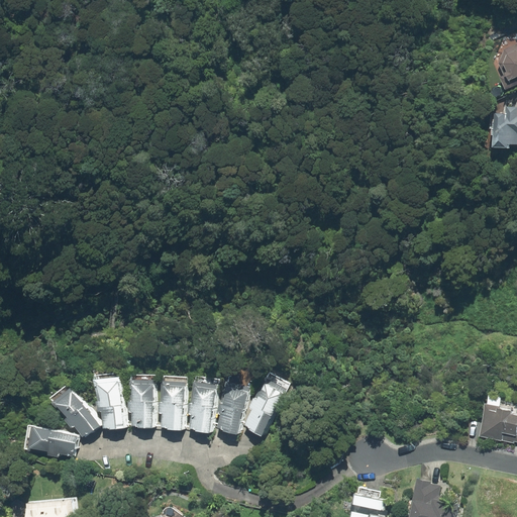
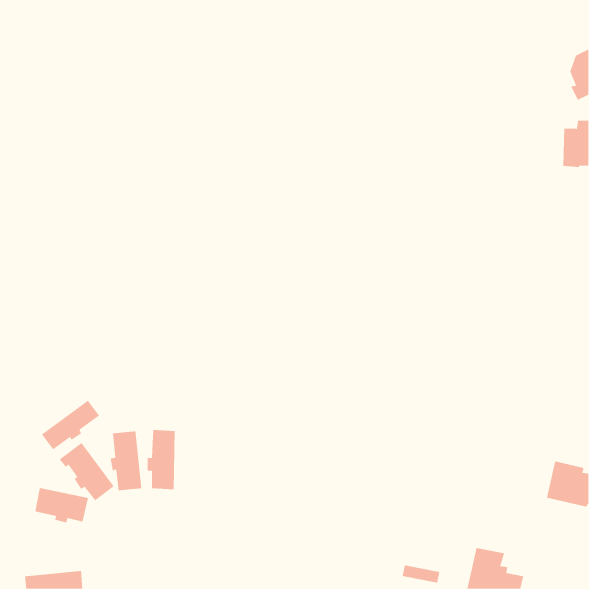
building: none -> [41,400,100,450]
building: [159,381,185,430] -> none
building: [188,381,216,432] -> none
building: [243,384,284,436] -> none
building: [216,387,247,434] -> none

